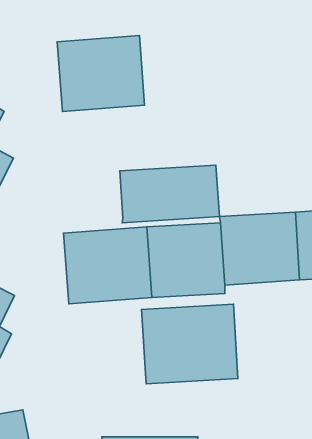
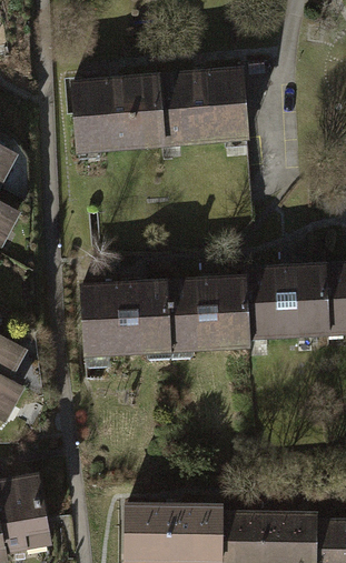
building: none -> [160,69,251,150]
building: [120,165,220,223] -> none
building: [142,304,238,384] -> none

